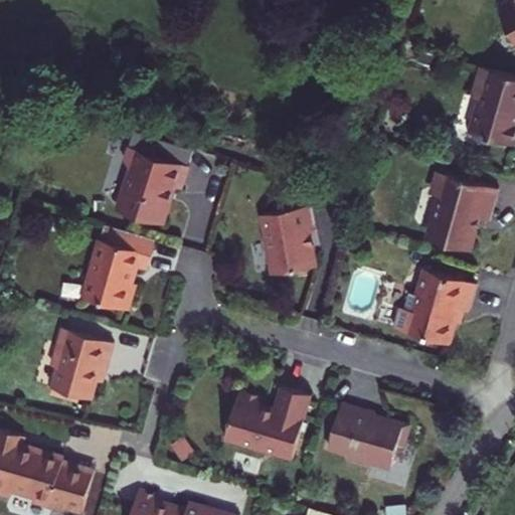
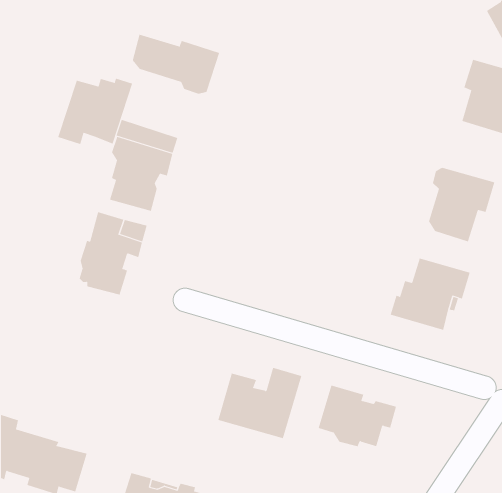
building: none -> [132,34,220,94]
building: none -> [58,78,133,145]
building: [263,209,314,276] -> none
building: [51,329,113,399] -> none

